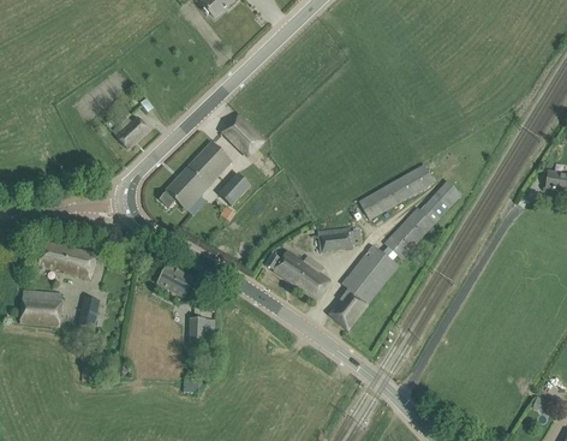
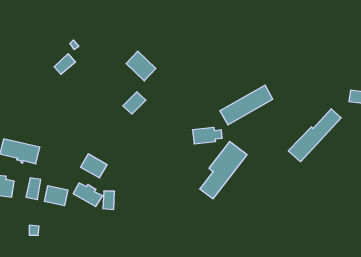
building: [159,142,232,209] -> none
building: [383,181,460,258] -> [288,109,341,162]
building: [264,250,330,300] -> none
building: none -> [73,183,102,207]
building: none -> [44,186,68,206]

